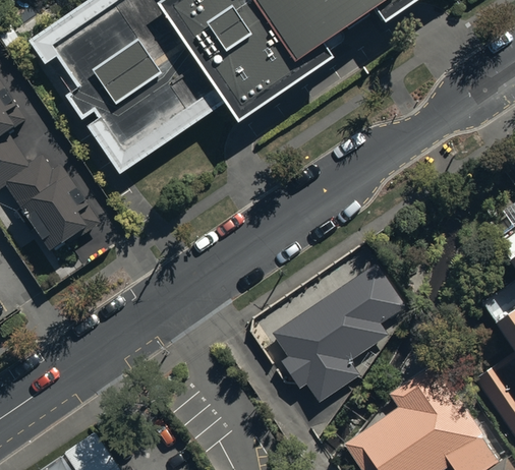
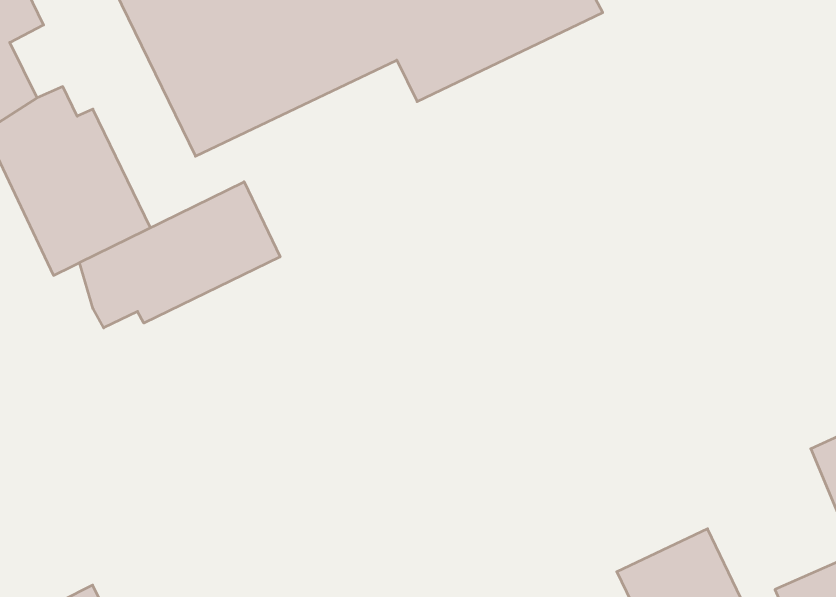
building: none -> [80,182,280,328]
building: [271,256,404,395] -> none

